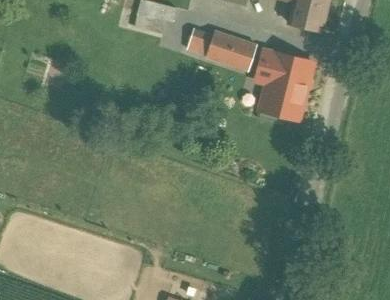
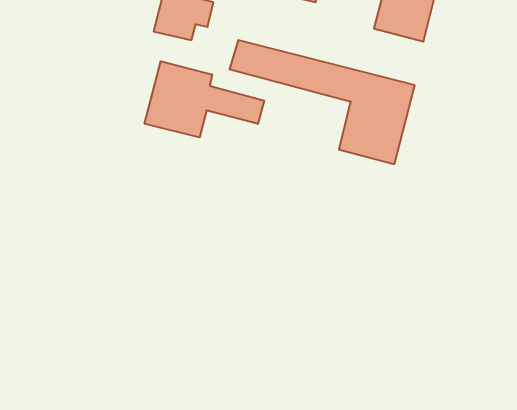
building: none -> [145,61,264,137]

